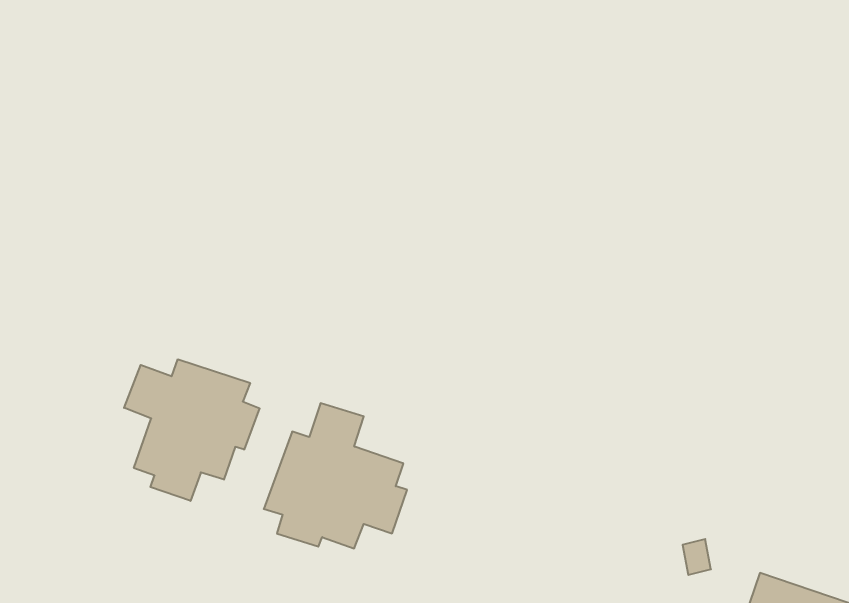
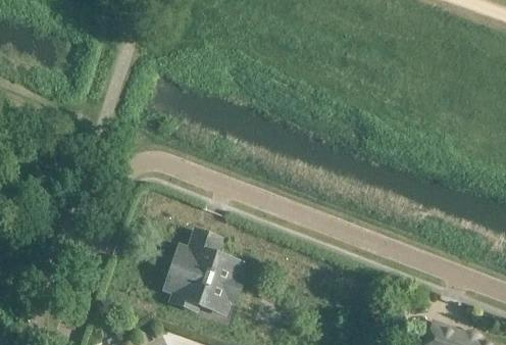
building: [124,359,260,501] -> none

